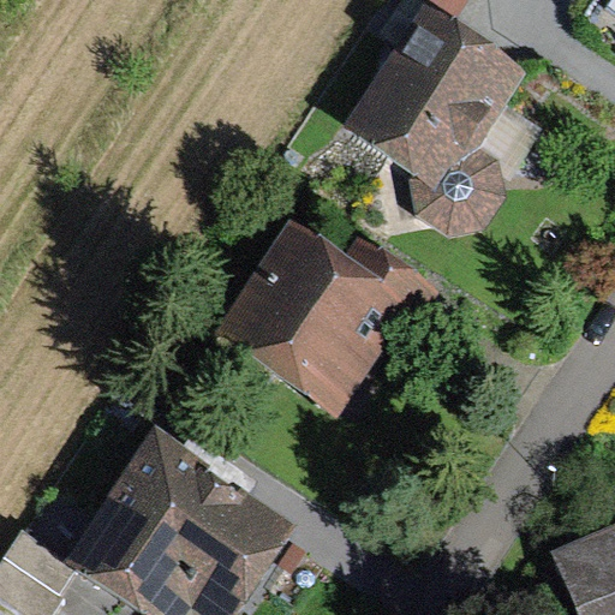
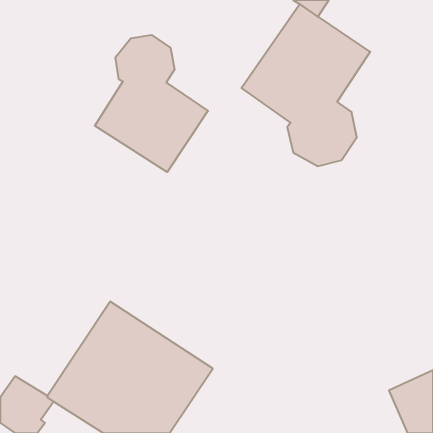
building: none -> [95,35,208,172]
building: [214,217,448,417] -> none

